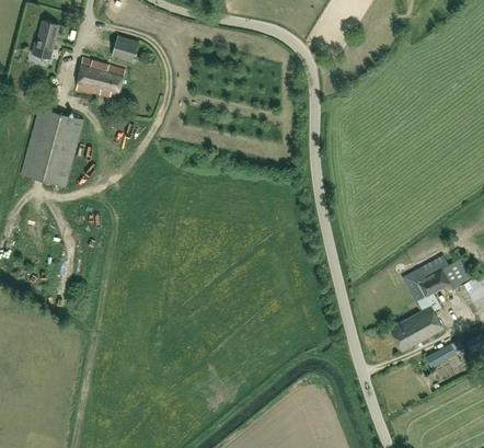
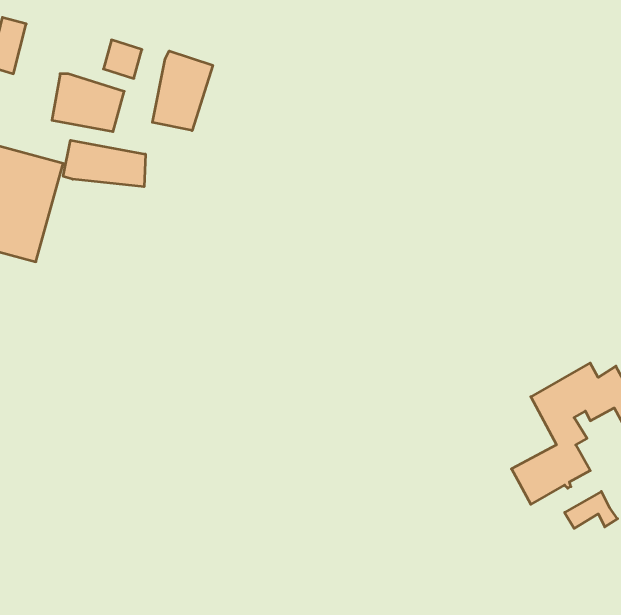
building: none -> [152,51,213,131]
building: none -> [63,140,145,187]

